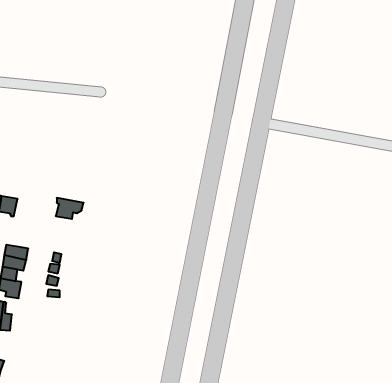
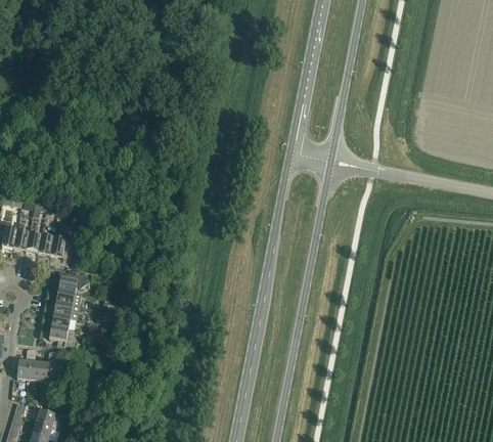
building: [56,198,84,219] -> [56,269,86,292]

